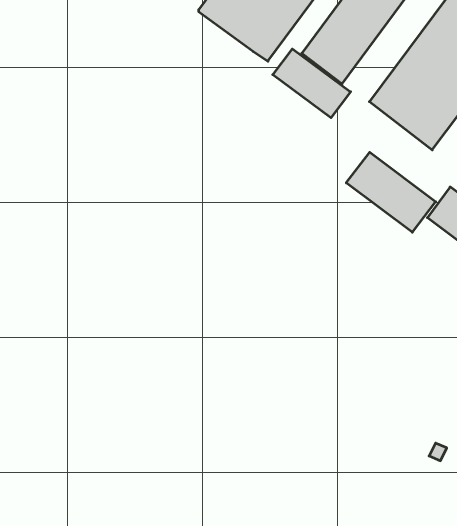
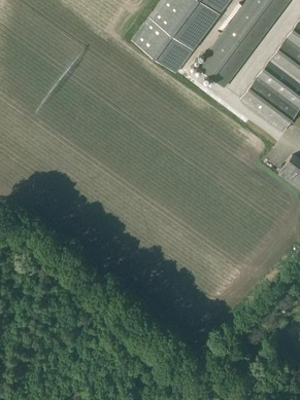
building: [273,49,351,118] -> none
building: [346,152,436,232] -> none

